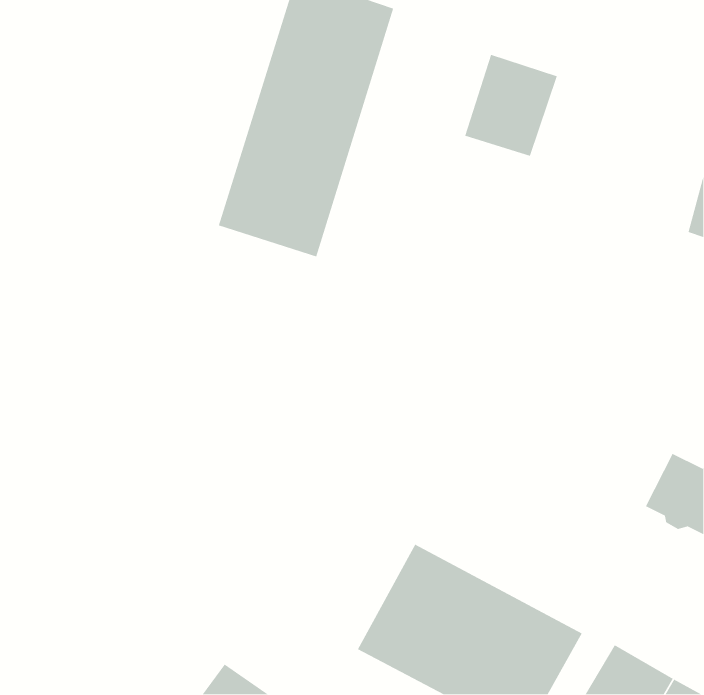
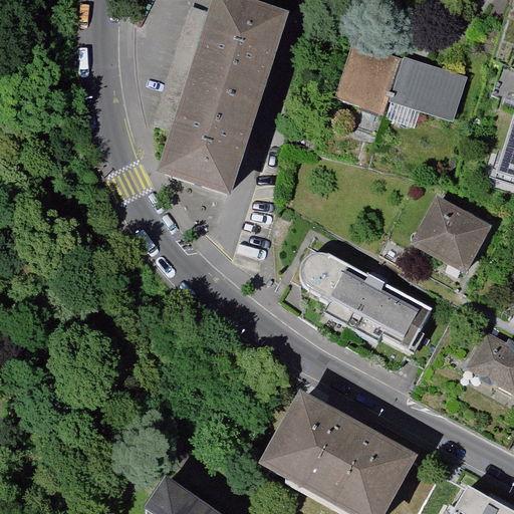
building: none -> [387,55,470,124]
building: none -> [414,196,497,275]
building: none -> [302,254,435,352]

